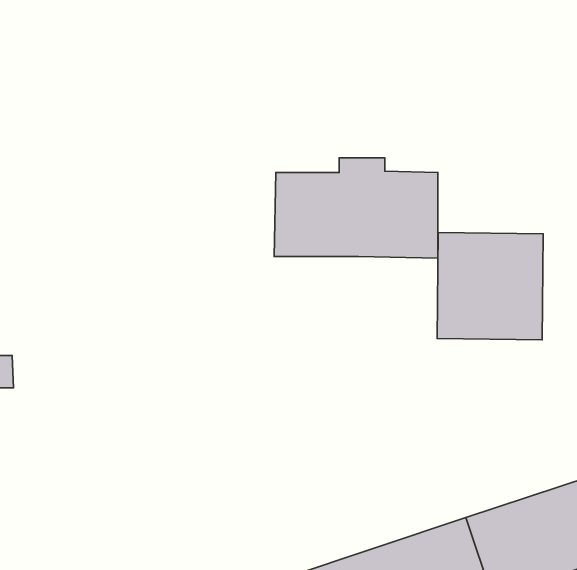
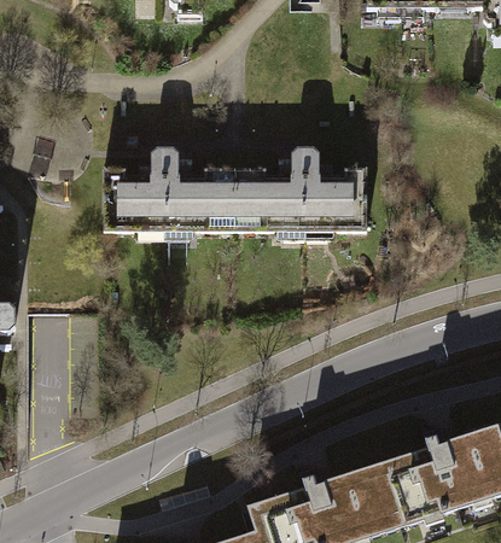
building: none -> [107,153,241,239]
building: [437,233,543,340] -> none

